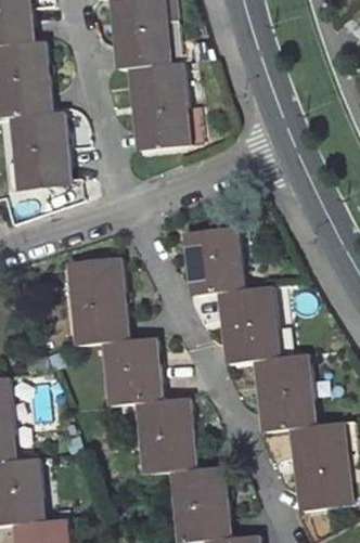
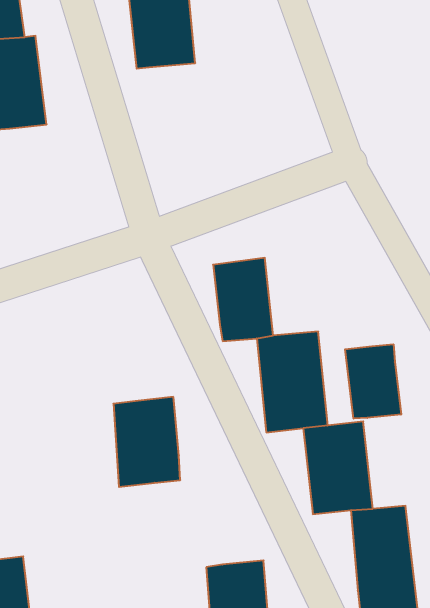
building: [133,67,191,152] -> none
building: [23,116,70,189] -> none
building: [72,261,123,342] -> none
building: none -> [345,344,401,419]
building: [138,398,192,473] -> none

